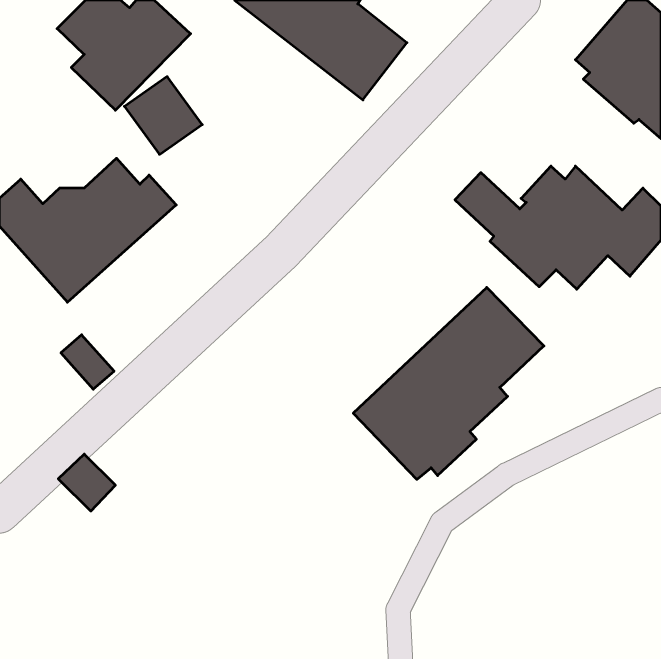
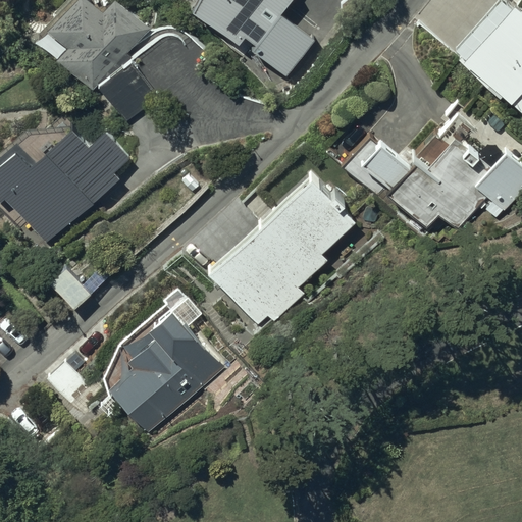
building: [353,287,544,479] -> [206,175,356,326]
building: none -> [101,288,224,435]

